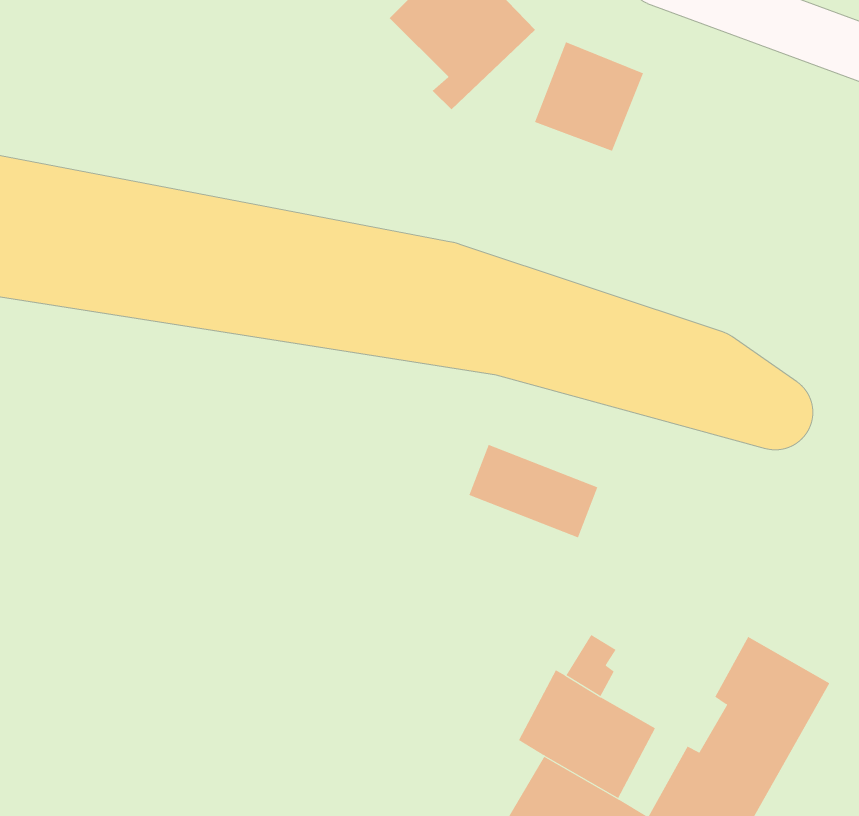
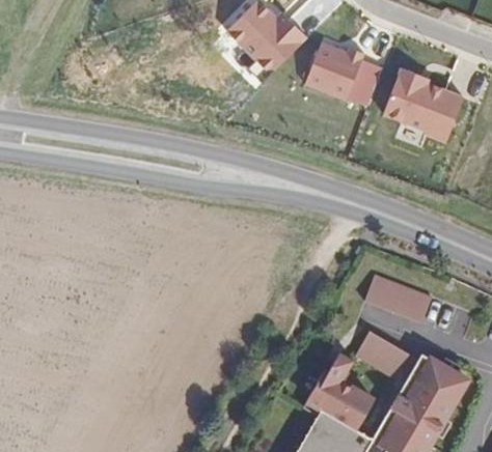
building: none -> [384,64,469,142]
building: [469,444,598,538] -> [364,275,433,324]
building: none -> [354,332,410,382]

